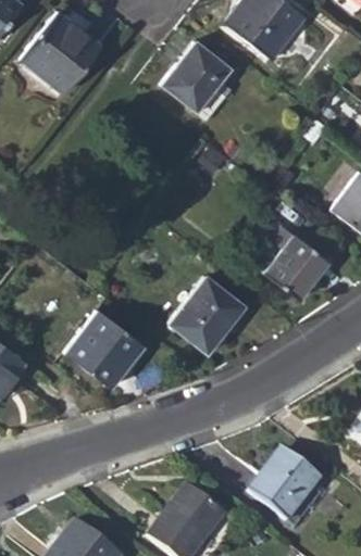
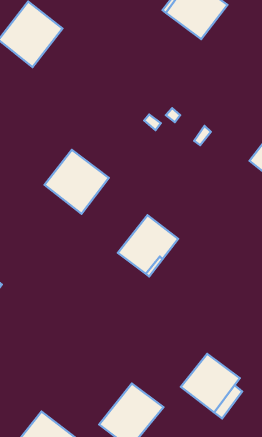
building: [162,40,233,119] -> none
building: [265,222,329,299] -> none
building: [65,308,145,388] -> [45,150,109,214]

